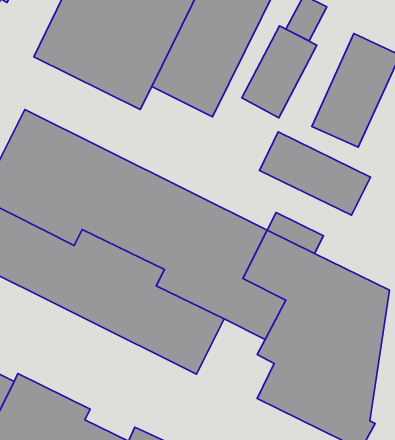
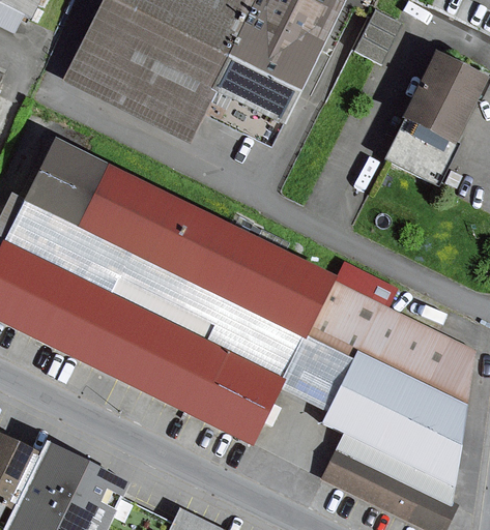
building: [242,26,317,118] -> none
building: [260,132,370,215] -> none

